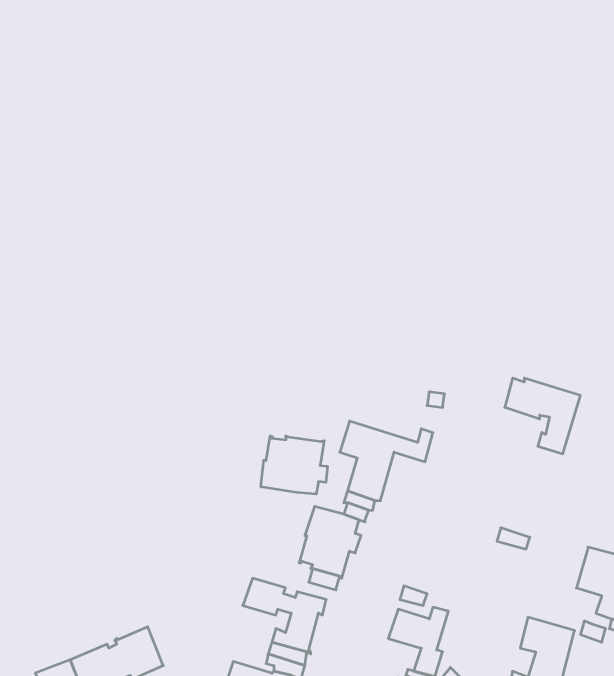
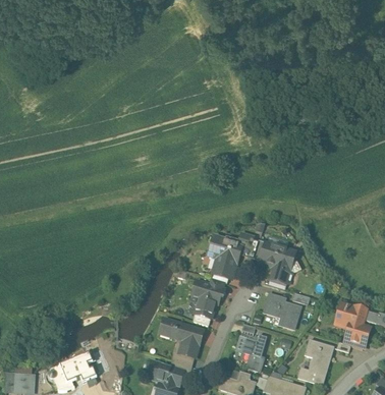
building: [505,378,580,454] -> [255,242,294,282]
building: [261,436,327,494] -> none
building: none -> [264,294,300,329]

